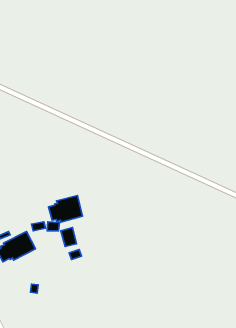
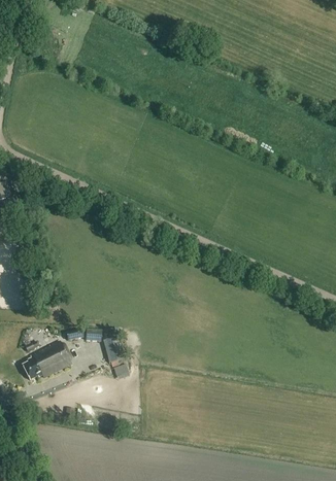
building: [49,196,82,222] -> none

